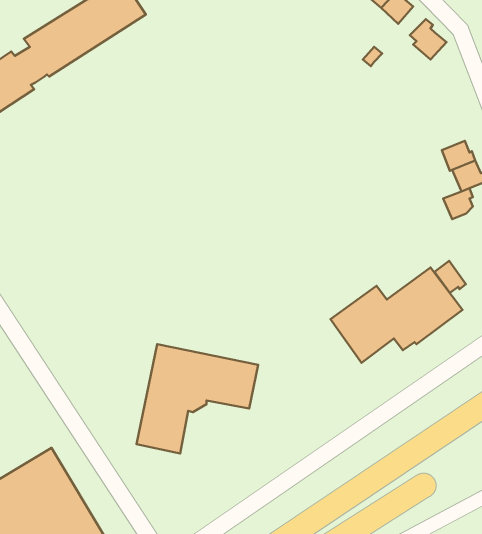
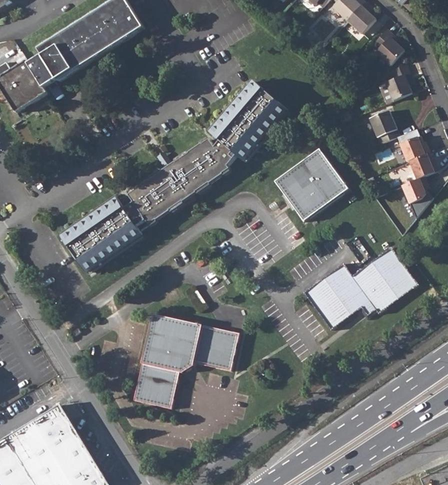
building: none -> [381,64,411,104]
building: none -> [60,81,286,272]
building: none -> [370,111,399,144]
building: none -> [274,148,349,221]
building: [435,261,466,293] -> none

